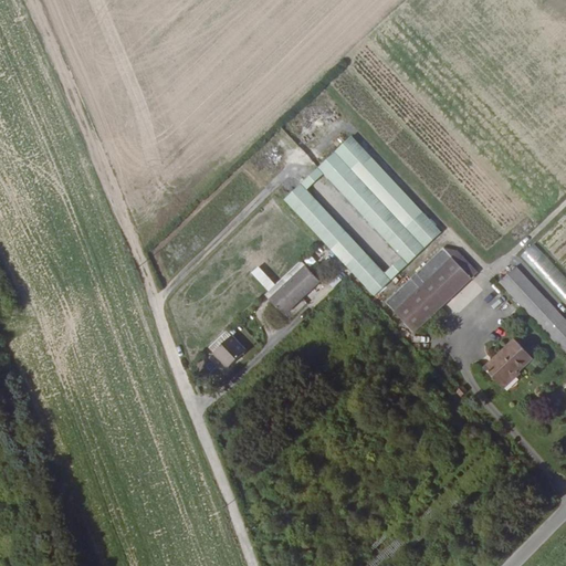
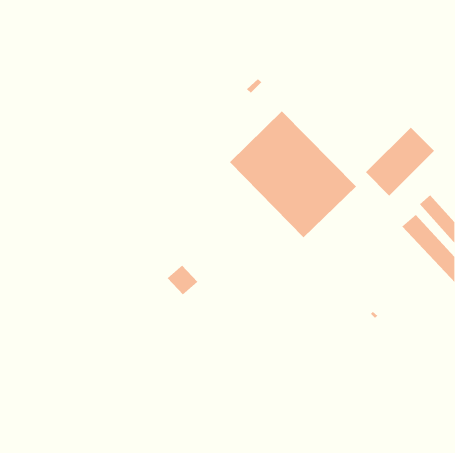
building: [387,247,473,333] -> [365,127,435,196]
building: [263,259,318,313] -> none
building: [485,338,535,384] -> none

